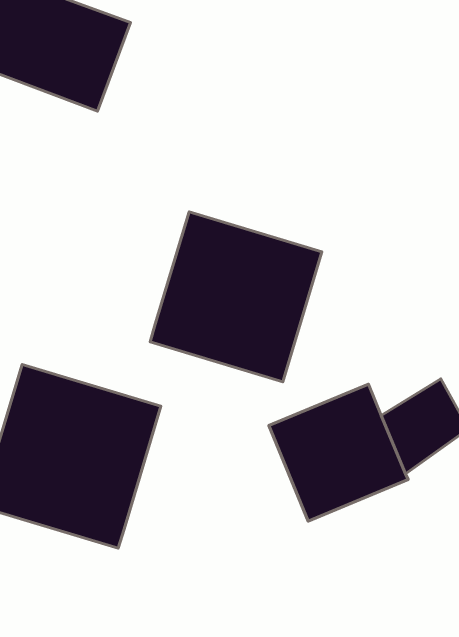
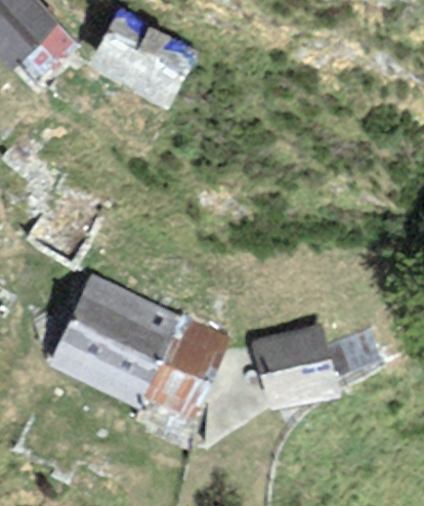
building: [150,212,322,382] -> none
building: none -> [140,315,230,419]

